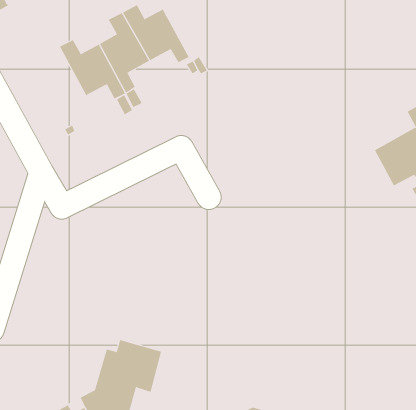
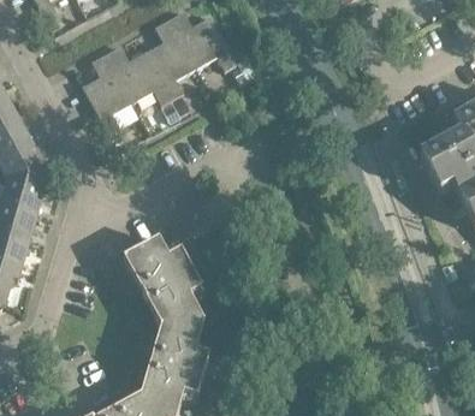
building: none -> [81,52,131,133]
building: none -> [121,238,208,356]

